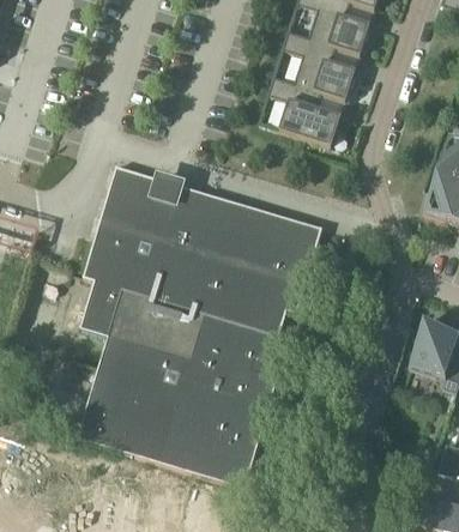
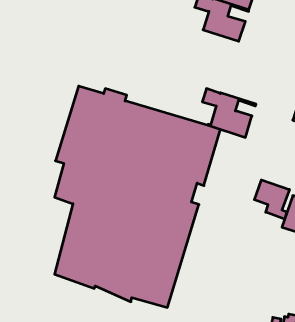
building: [268,74,346,145] -> [202,89,256,137]
building: none -> [254,180,289,219]

